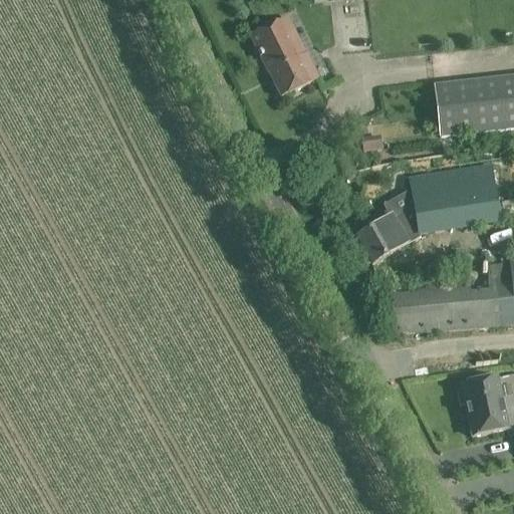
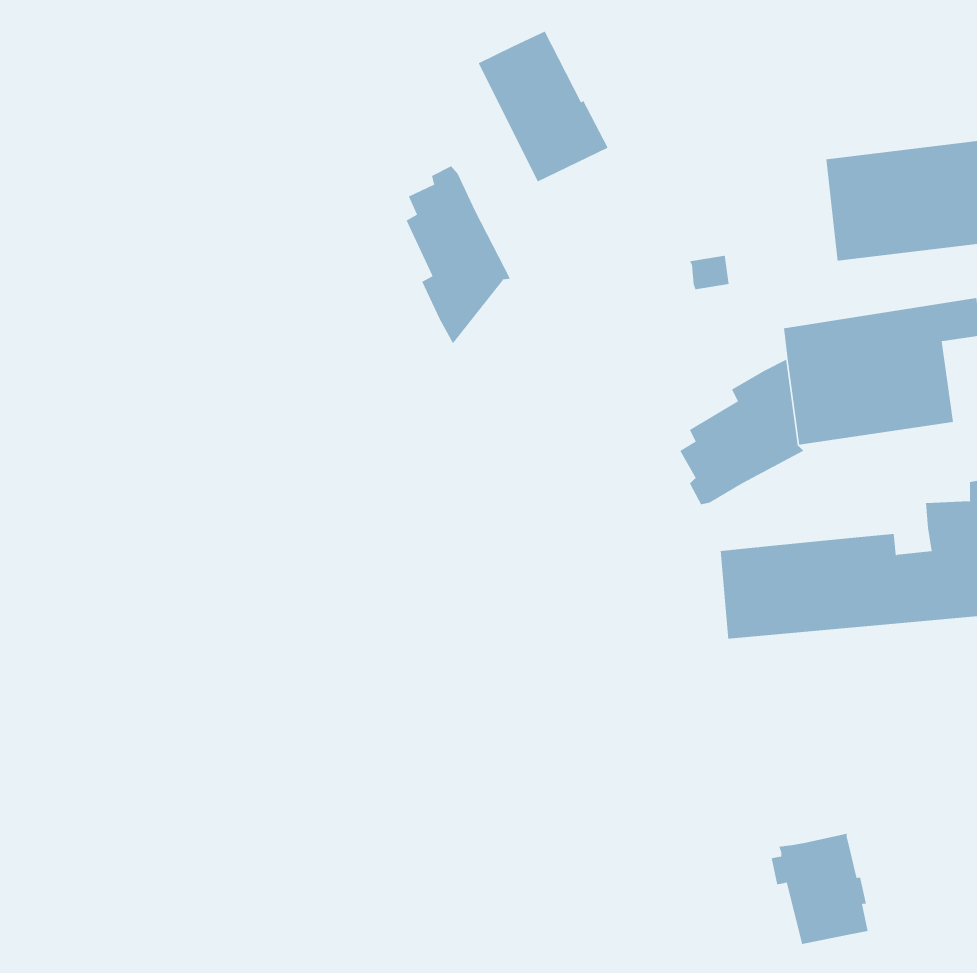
building: none -> [406,165,511,344]
building: [458,376,509,435] -> [771,833,869,944]

